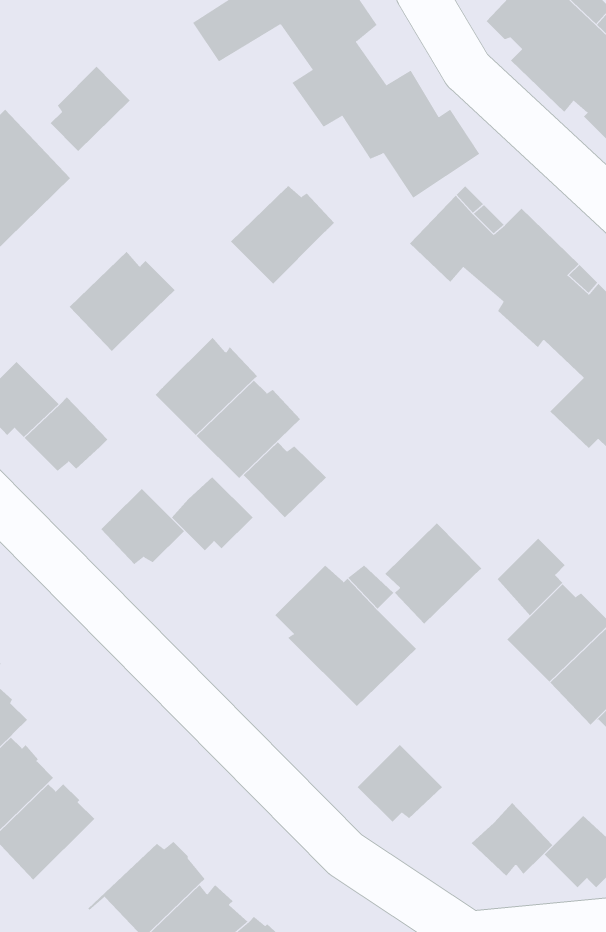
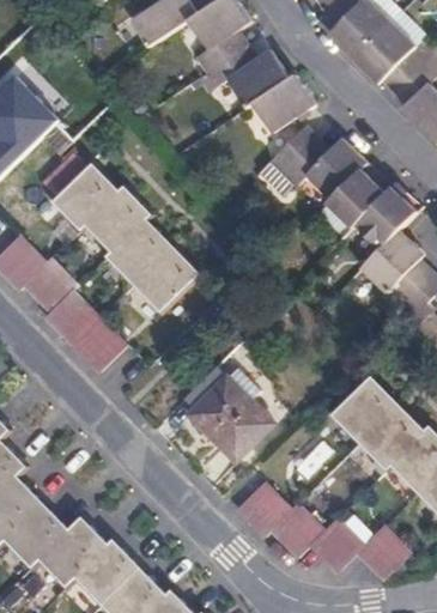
building: [50,66,131,152] -> none
building: [230,185,335,284] -> [84,189,151,253]
building: [243,441,327,518] -> none
building: [171,476,253,551] -> [45,291,98,339]
building: [385,523,482,625] -> none
building: [497,538,566,616] -> none
building: none -> [269,504,323,552]
building: none -> [29,518,108,587]

